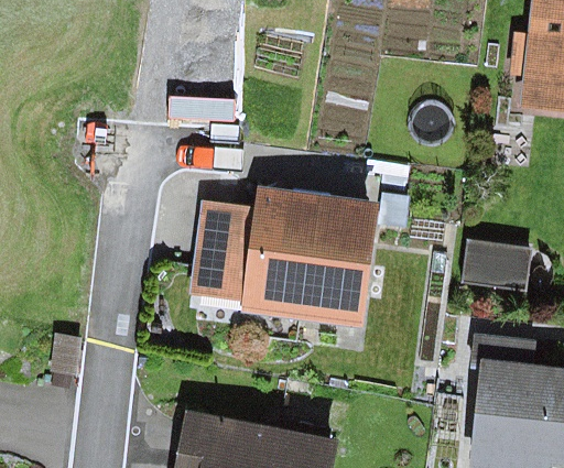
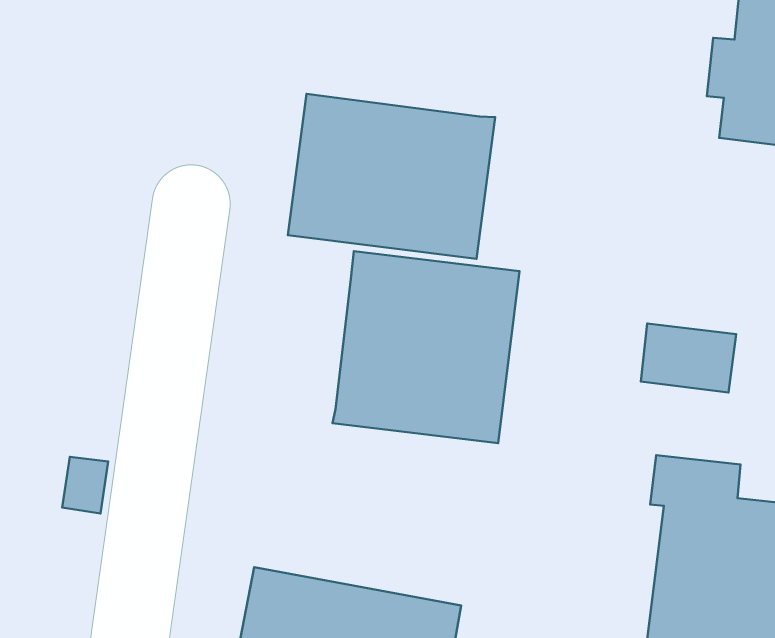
building: none -> [288,94,495,259]
building: [192,203,256,302] -> none

